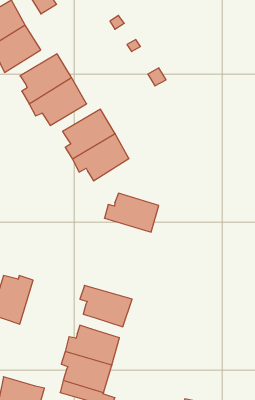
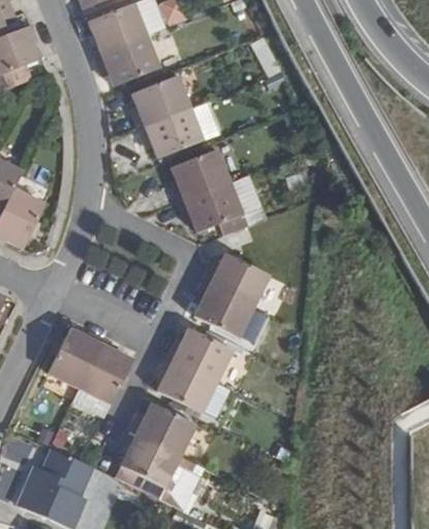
building: none -> [194,280,255,337]
building: none -> [165,328,234,381]
building: none -> [81,339,135,404]

